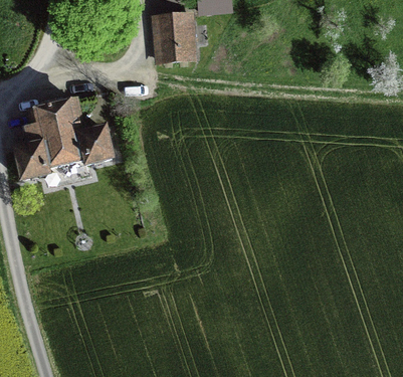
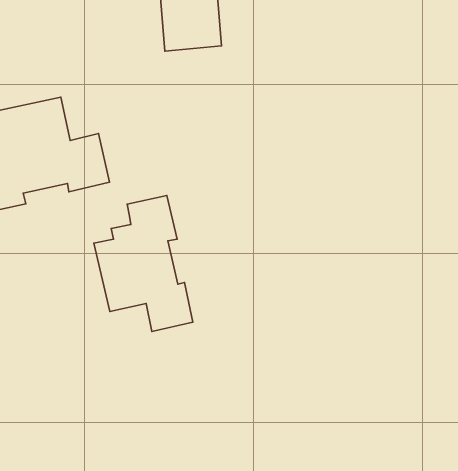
building: none -> [94,196,193,331]

